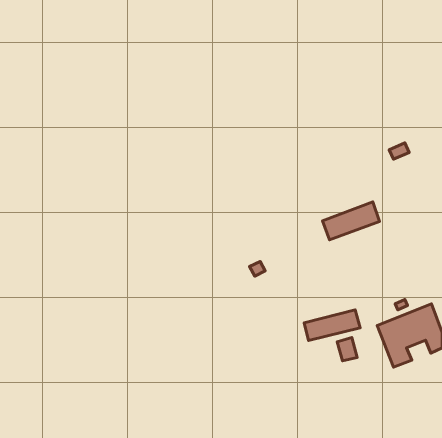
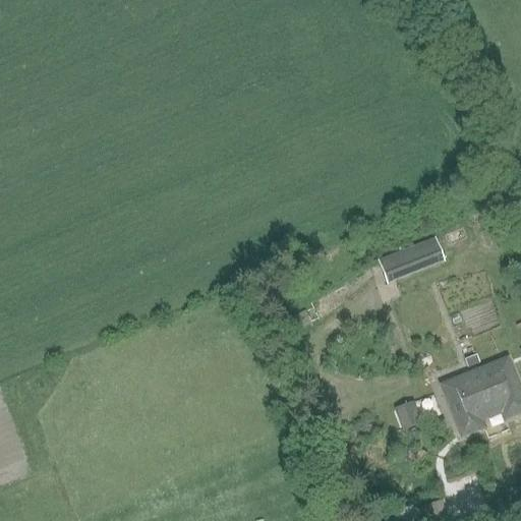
building: [304,310,360,341] -> none

